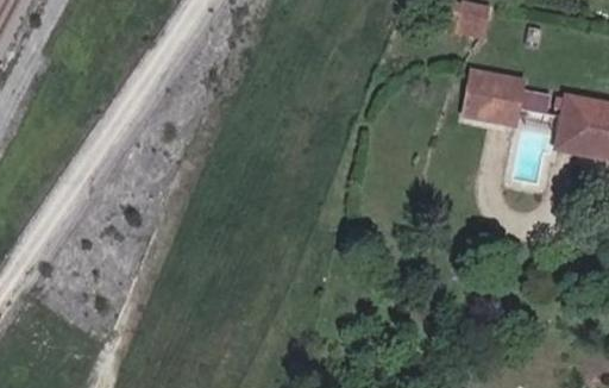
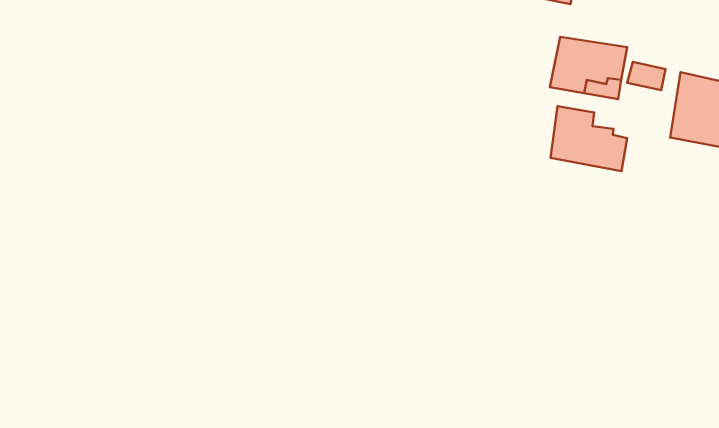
building: none -> [550,106,627,171]

